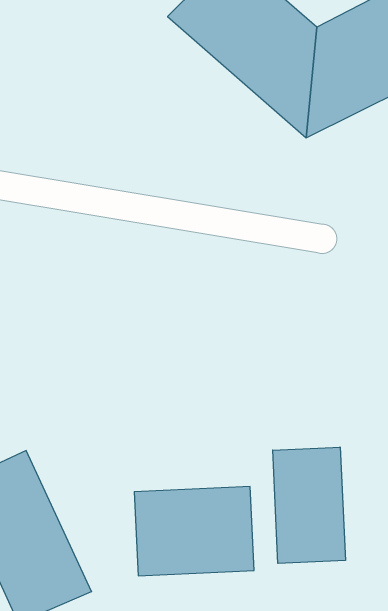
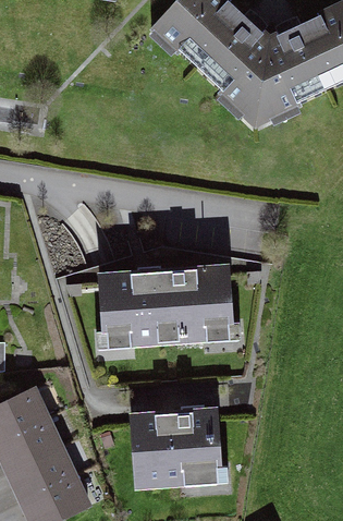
building: none -> [99,265,226,347]
building: [273,447,345,563] -> none

